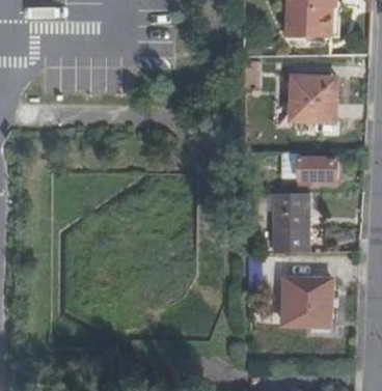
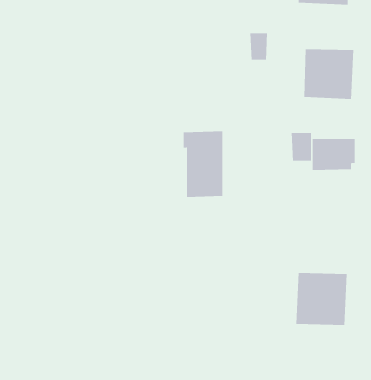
building: [271,194,307,254] -> [183,131,223,197]

